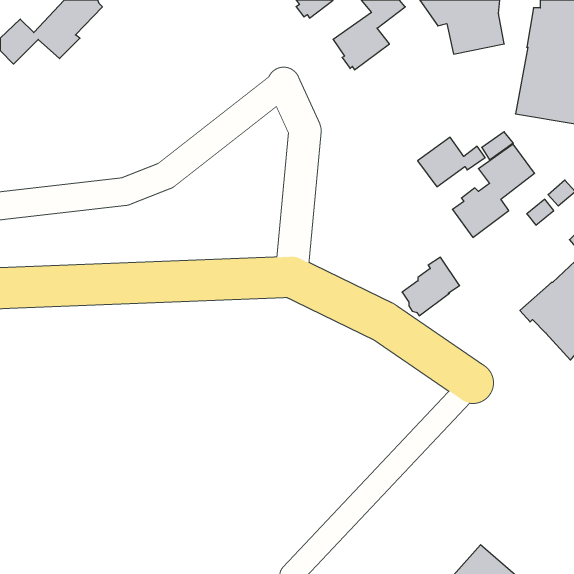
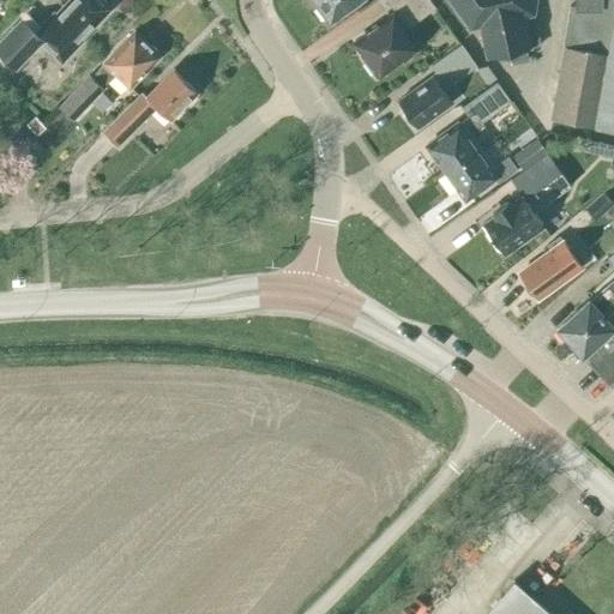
building: none -> [60,32,161,121]
building: none -> [398,65,457,131]
building: none -> [103,70,198,148]
building: none -> [427,83,512,173]
building: [402,257,460,316] -> [519,237,580,300]

